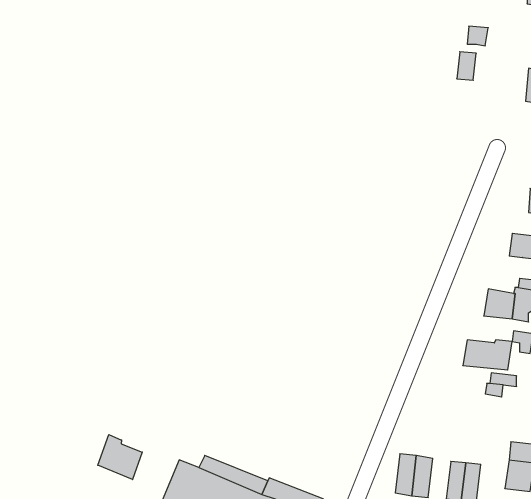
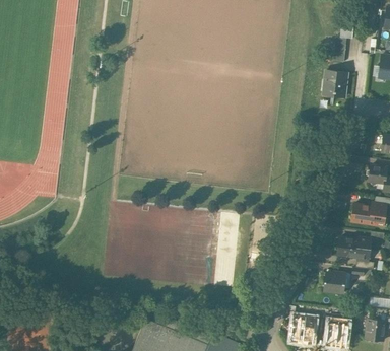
building: none -> [321,70,346,97]
building: none -> [323,271,345,292]
building: [98,435,142,480] -> none

